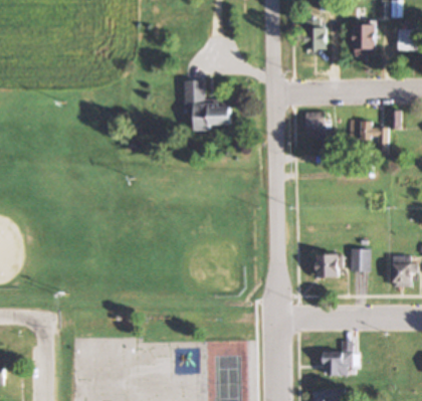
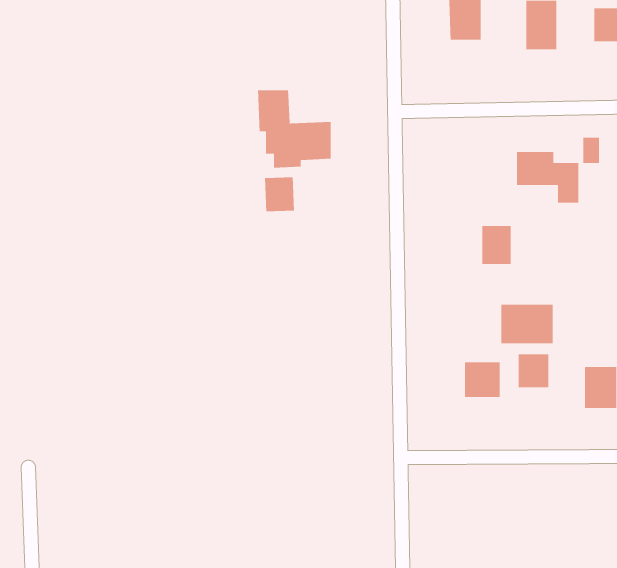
building: [305,113,325,138] -> [482,225,512,265]
building: none -> [264,177,295,212]
building: none -> [501,304,553,344]
building: [323,342,351,376] -> none

